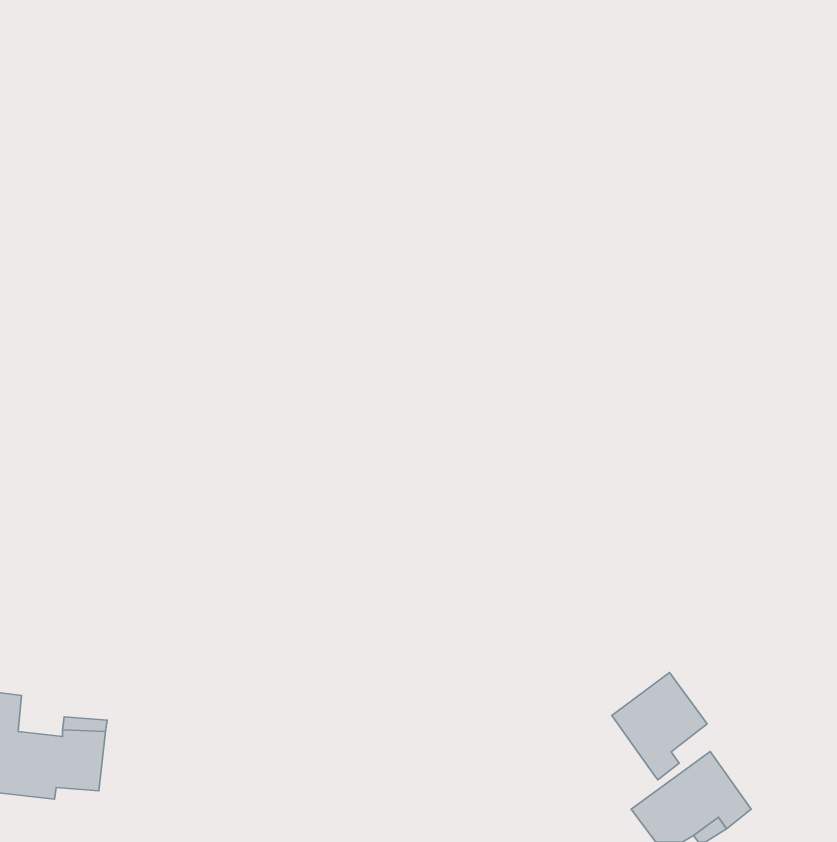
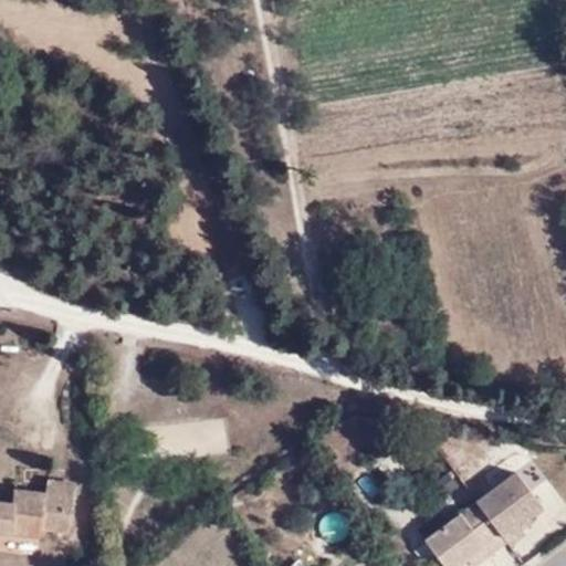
building: [612,673,707,780] -> [476,475,541,547]

